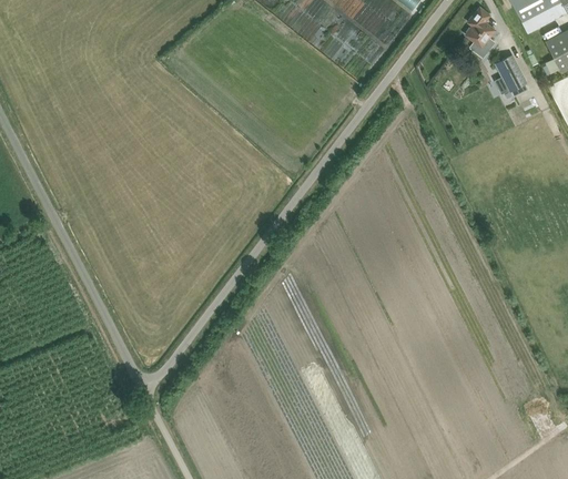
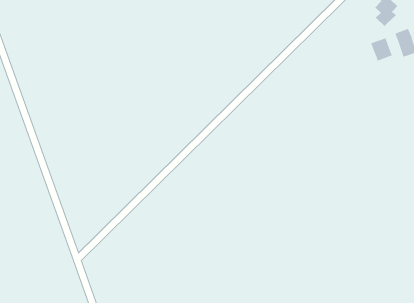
building: none -> [370,37,393,61]

